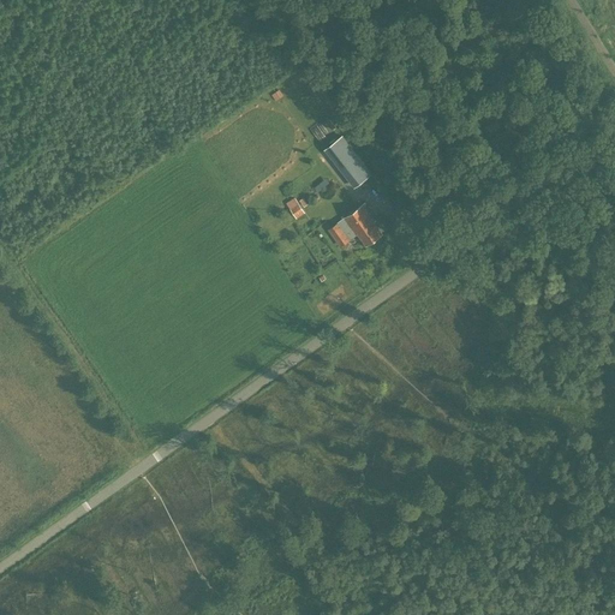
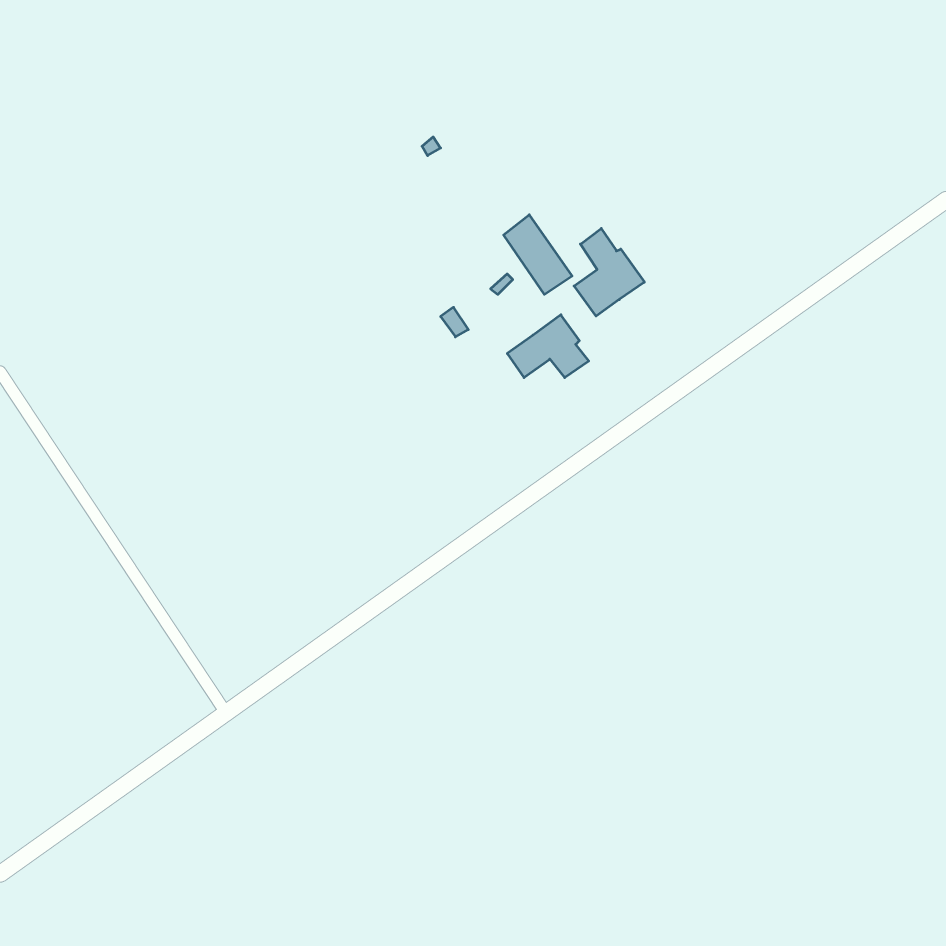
building: none -> [574,228,644,316]

